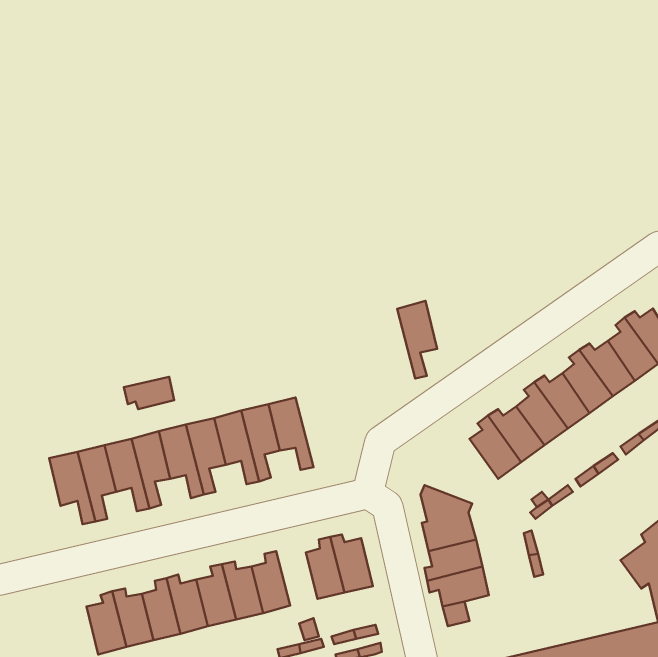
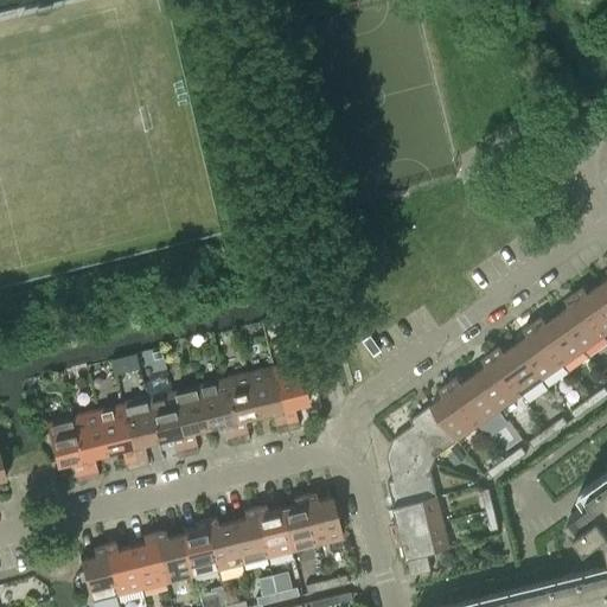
building: [397,301,437,378] -> [273,360,309,432]
building: none -> [391,405,459,465]
building: none -> [255,505,293,558]

